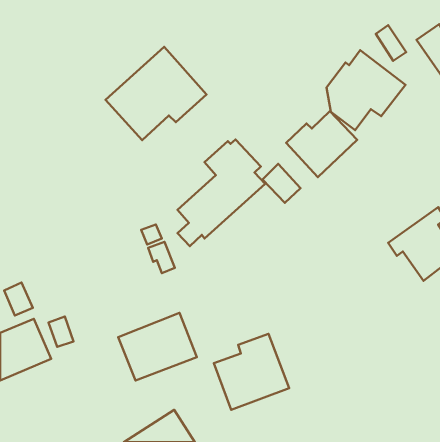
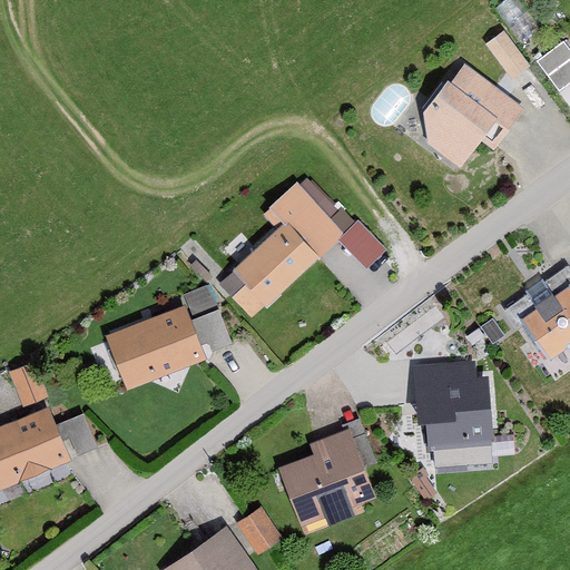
building: [105,47,207,140] -> none
building: [286,111,357,177] -> none
building: none -> [413,362,492,451]
building: [118,313,197,380] -> [105,304,206,391]
building: none -> [236,508,278,553]

